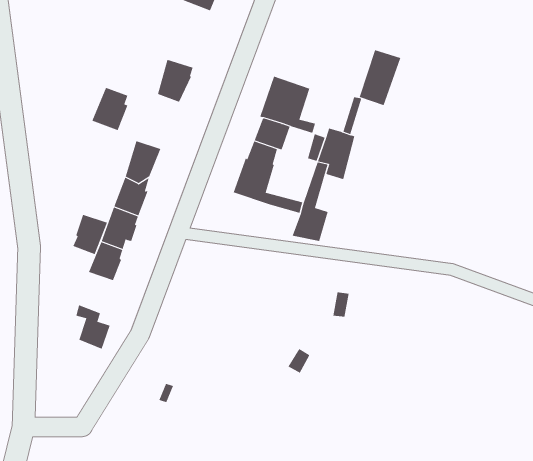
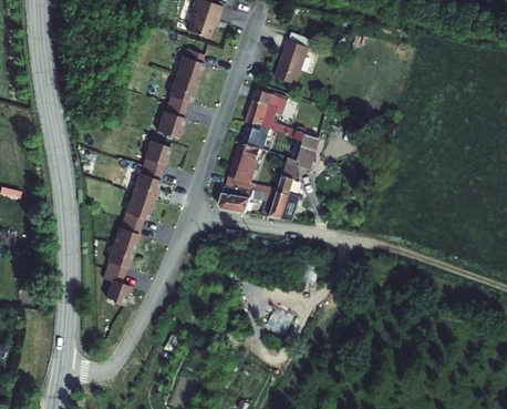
building: none -> [174,49,203,83]
building: [359,50,401,106] -> [277,41,310,85]
building: [92,87,128,131] -> [155,104,184,139]
building: none -> [218,182,279,216]
building: [73,214,108,255] -> [104,245,132,277]

